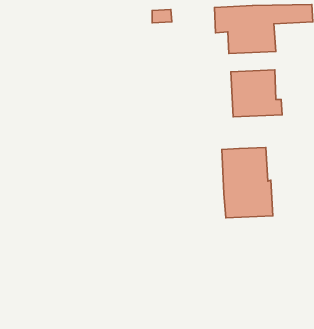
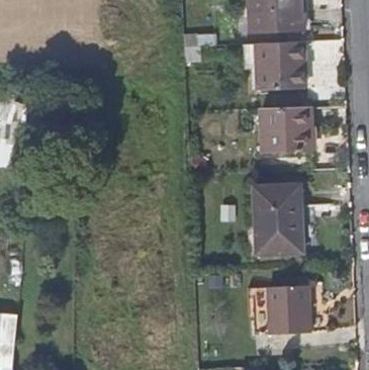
building: none -> [252,285,310,335]

